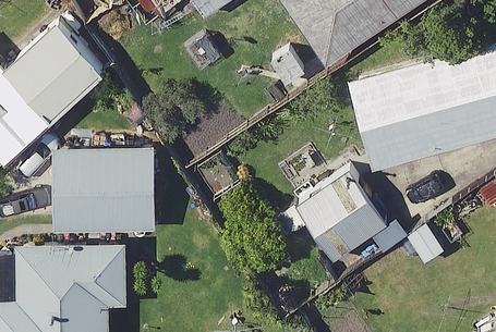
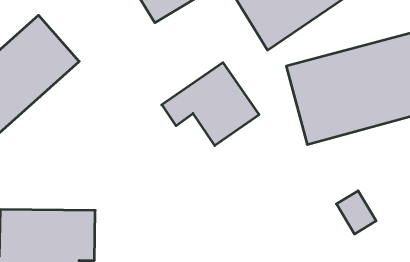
building: [55,149,155,230] -> none
building: [274,167,386,262] -> [162,63,259,146]

